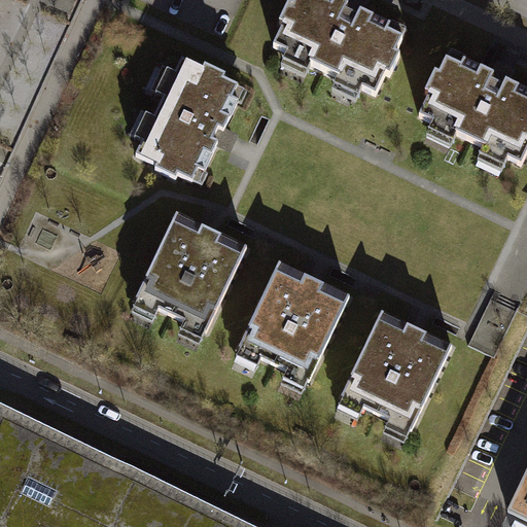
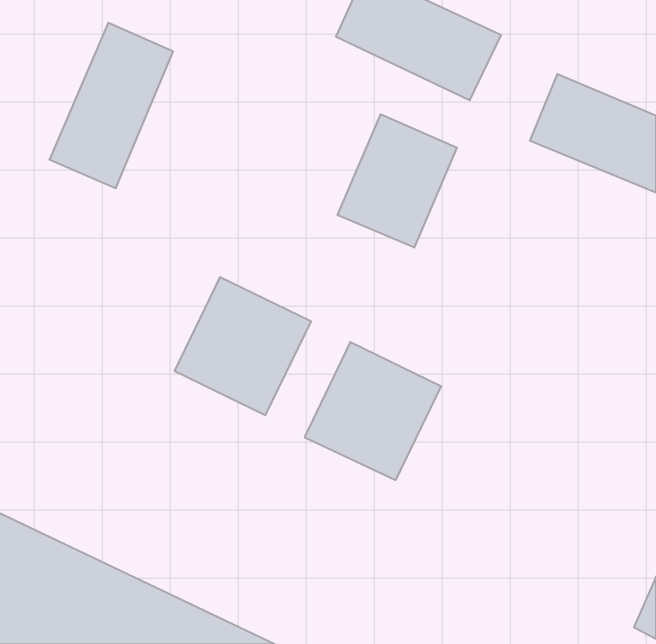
building: [138,58,236,188] -> [49,23,173,188]
building: none -> [338,114,457,248]
building: [345,321,453,430] -> none

